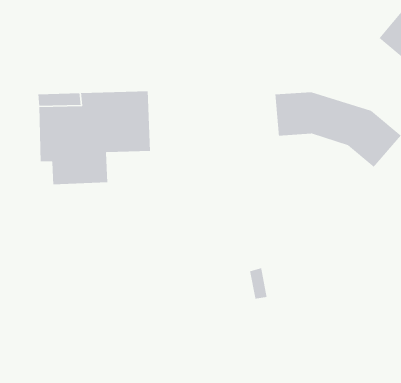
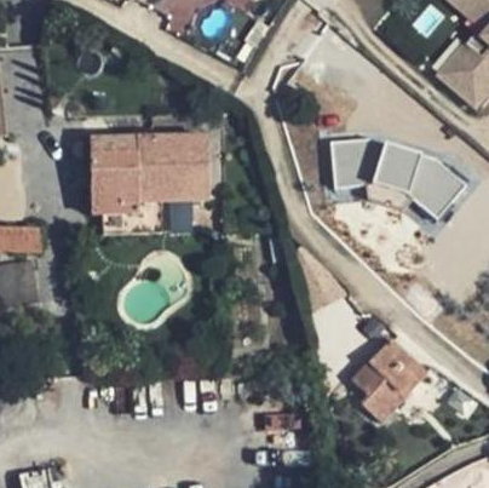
building: none -> [351,339,424,420]

